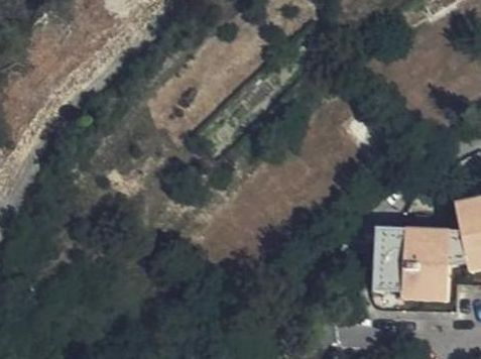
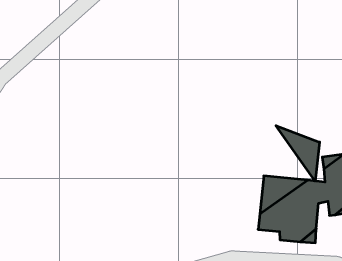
building: none -> [276,126,320,181]

